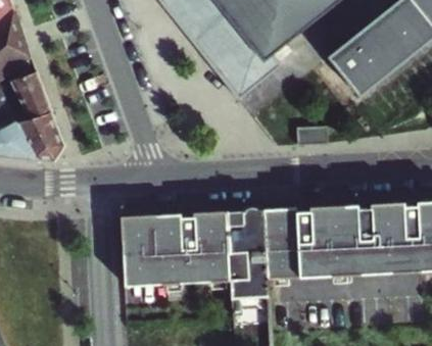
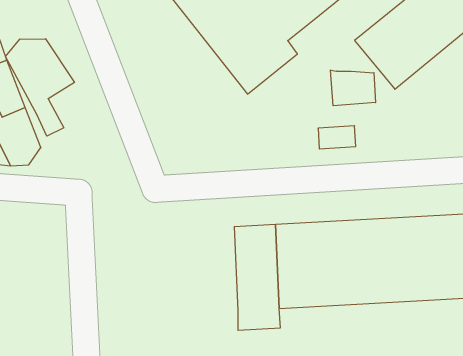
building: none -> [6,39,74,136]
building: none -> [331,70,375,106]
building: [119,211,229,287] -> none

